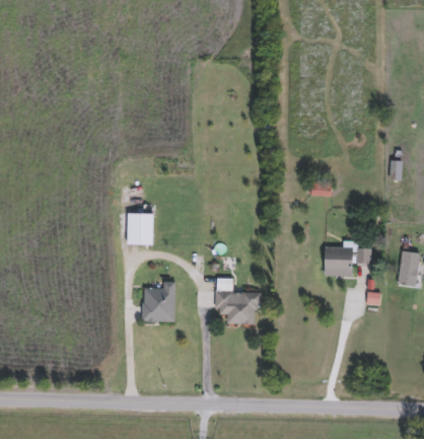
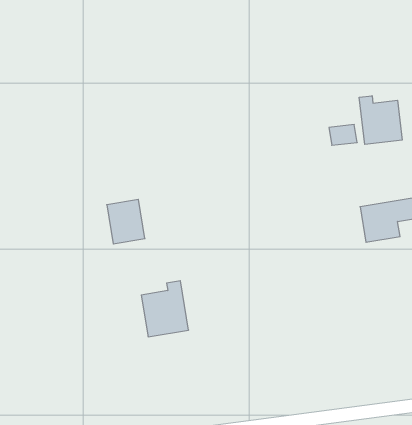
building: none -> [359,96,402,144]
building: [215,277,260,323] -> none

